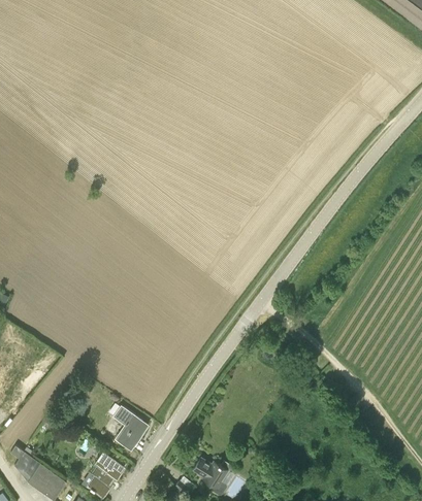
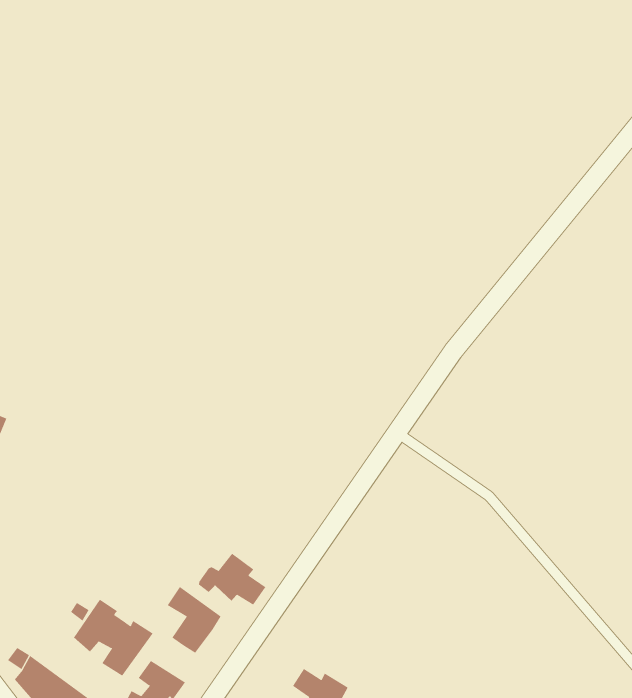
building: none -> [198,553,266,606]
building: none -> [73,599,154,677]

